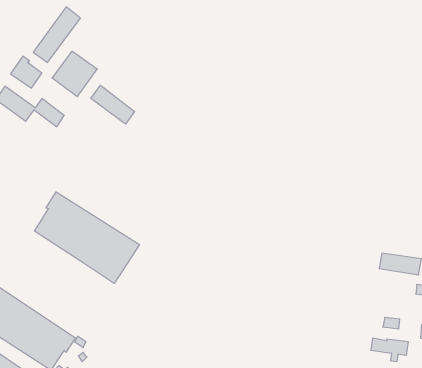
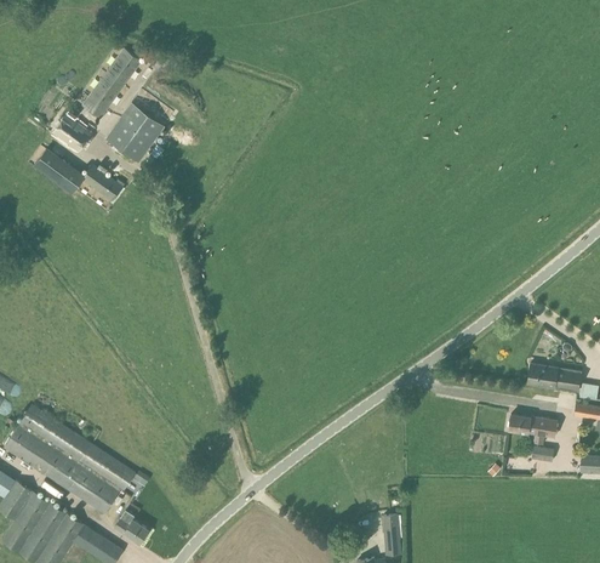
building: [91,85,134,124] -> none
building: [35,192,139,283] -> none
building: [371,338,408,362] -> [508,415,556,445]

